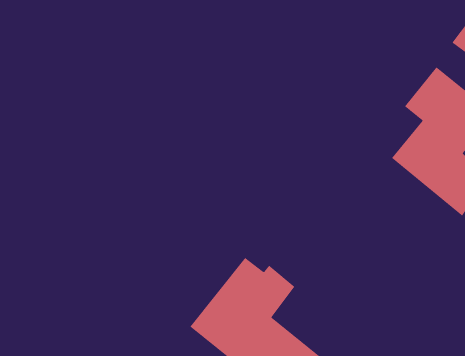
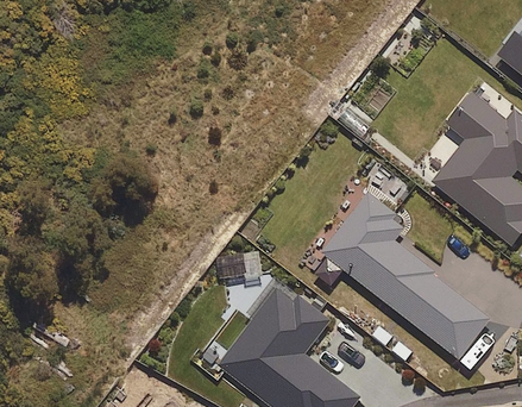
building: none -> [323,194,491,358]

